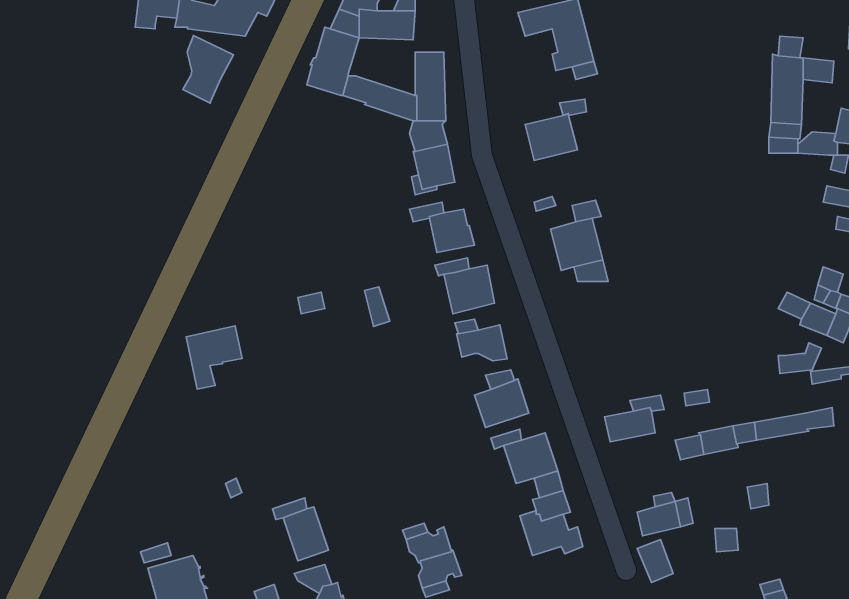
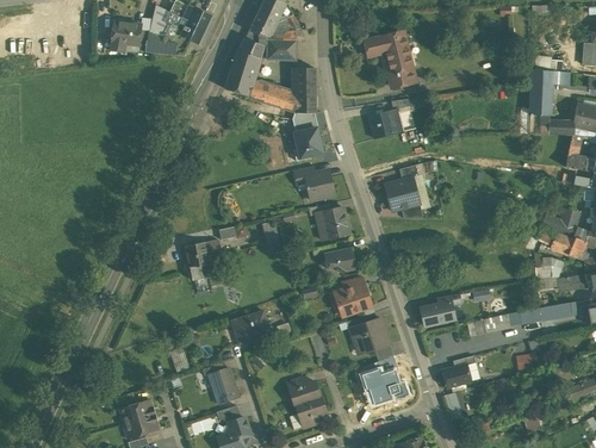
building: [183,35,233,103] -> none
building: [186,326,242,389] -> [185,238,222,280]
building: none -> [231,310,271,343]

